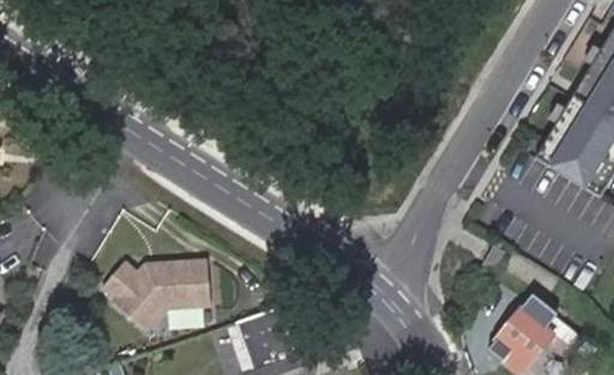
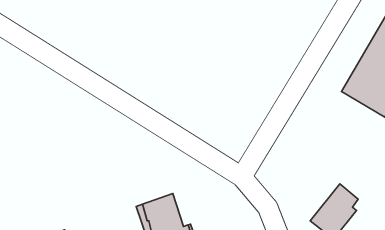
building: [106,258,209,317] -> none

